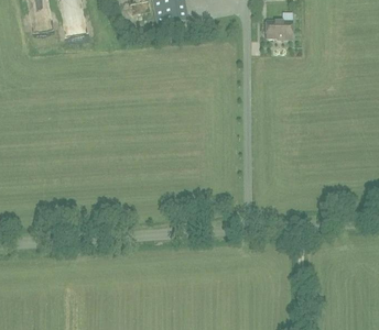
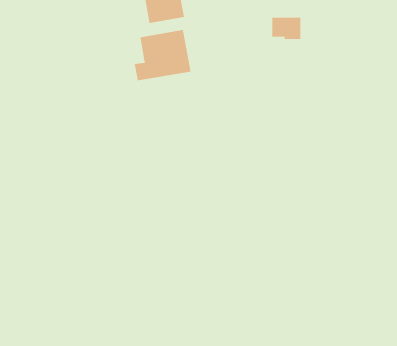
building: none -> [134,29,191,81]

